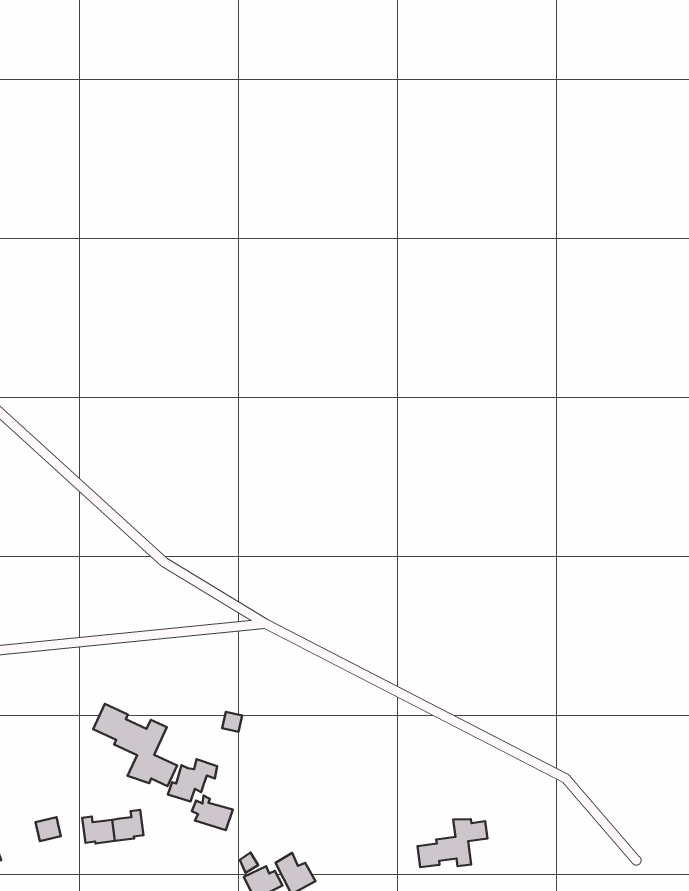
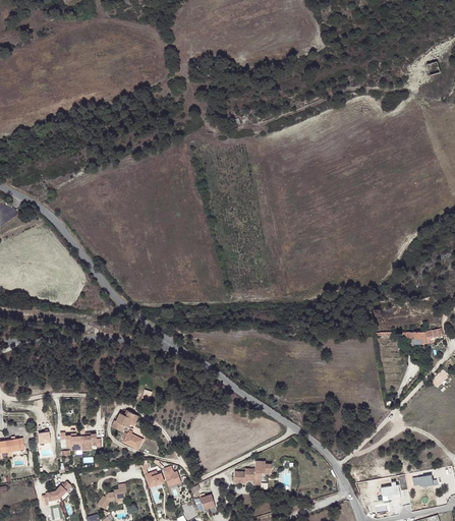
building: [93,704,177,786] -> none

